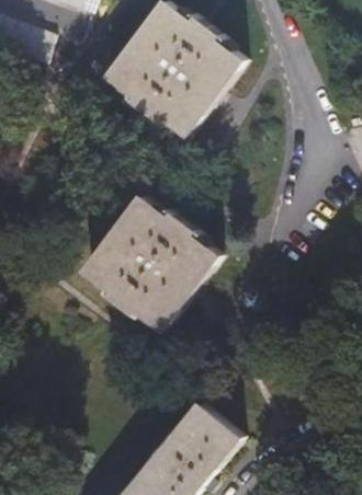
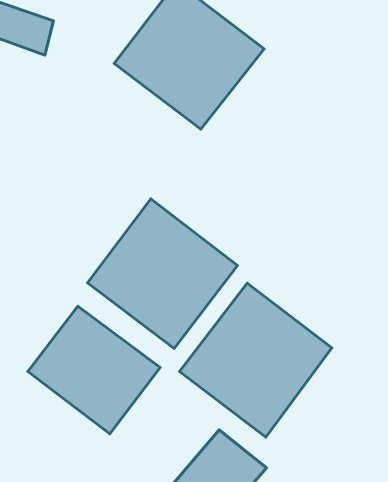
building: none -> [179,283,332,437]
building: none -> [28,306,160,434]

